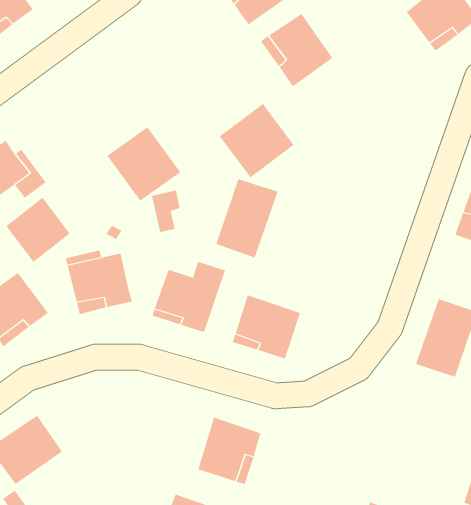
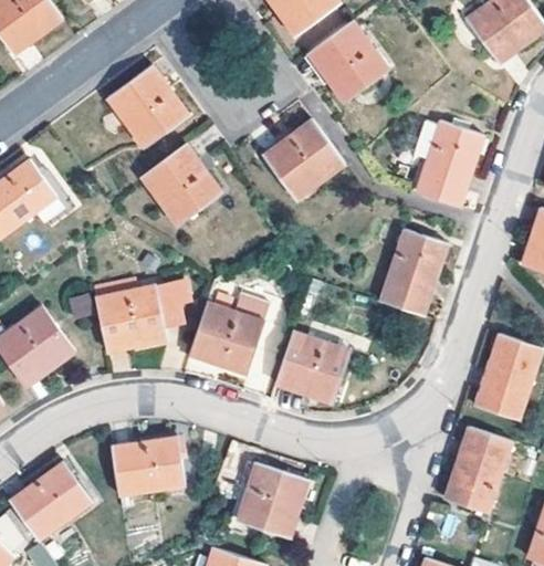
building: none -> [106,69,187,149]
building: none -> [412,120,480,207]
building: [216,178,278,258] -> [379,229,448,316]
building: [151,190,181,232] -> [155,279,187,325]
building: [5,197,71,263] -> none
building: none -> [446,427,512,513]
building: none -> [112,438,185,494]

